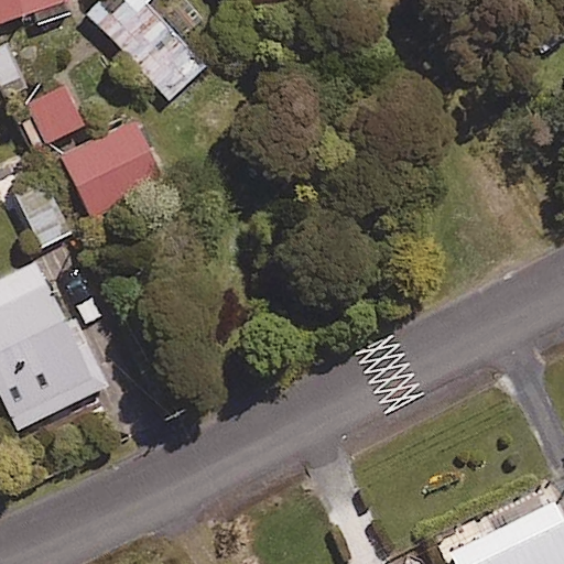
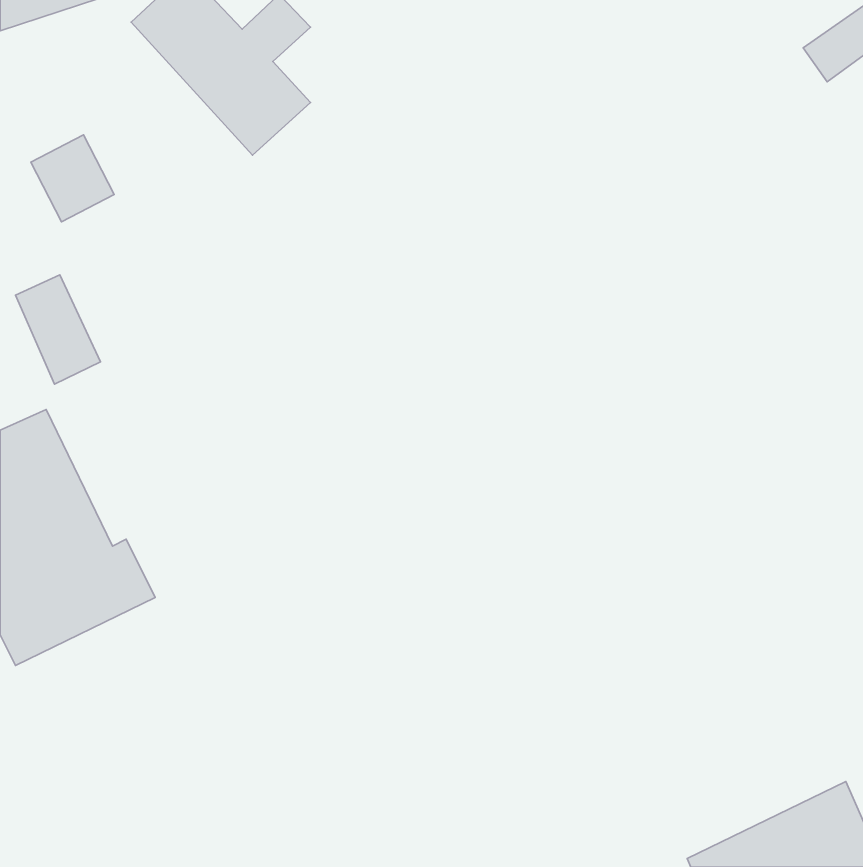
building: [62,121,162,213] -> none

